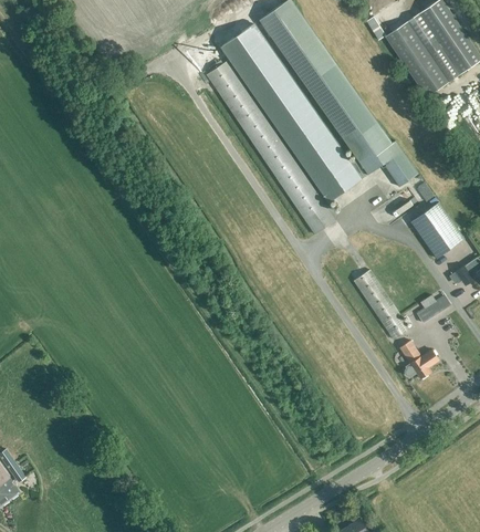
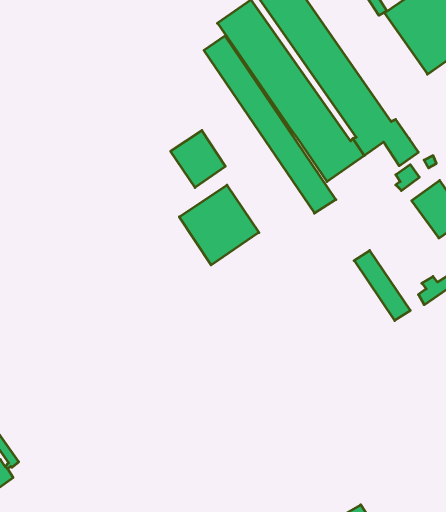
building: none -> [171,130,225,188]
building: none -> [179,185,259,265]
building: [399,341,439,378] -> none

